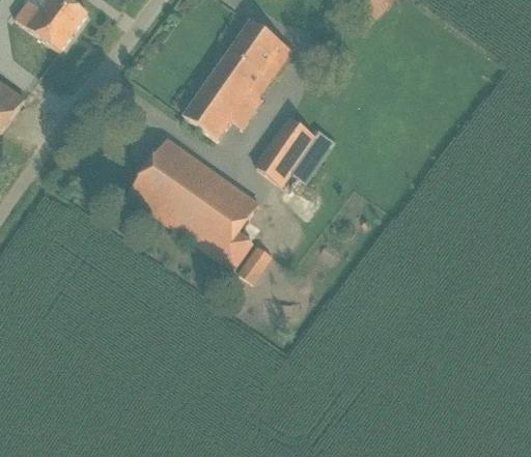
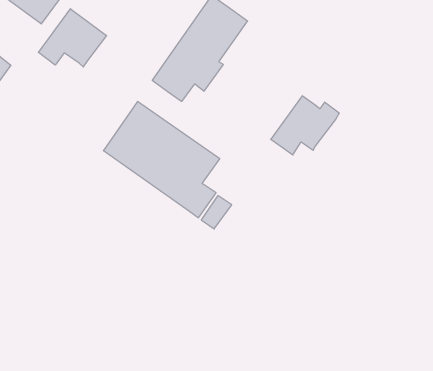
building: none -> [38,9,107,67]
building: [254,118,331,184] -> [271,96,339,155]

